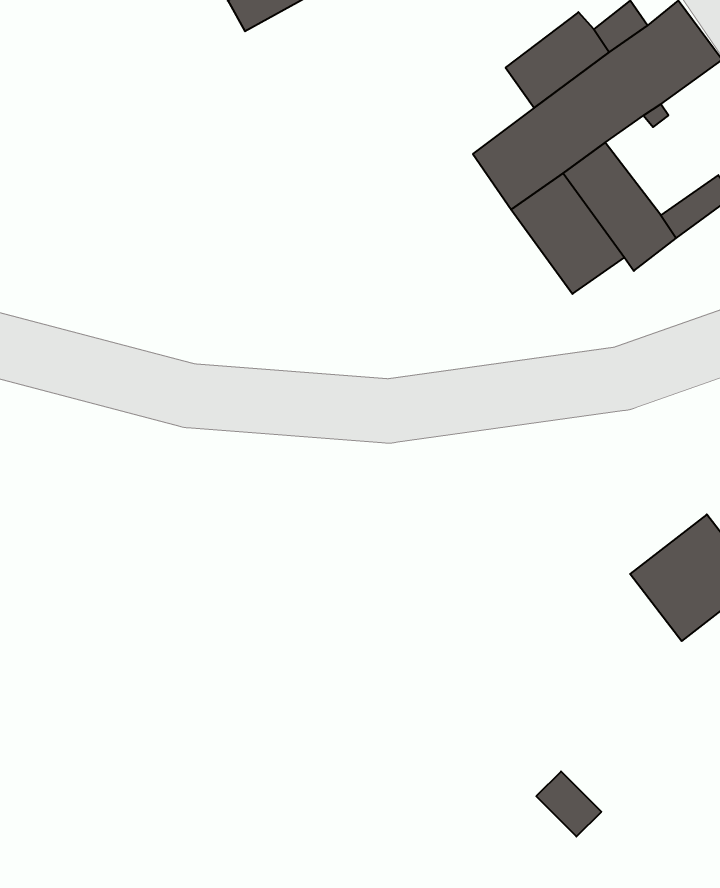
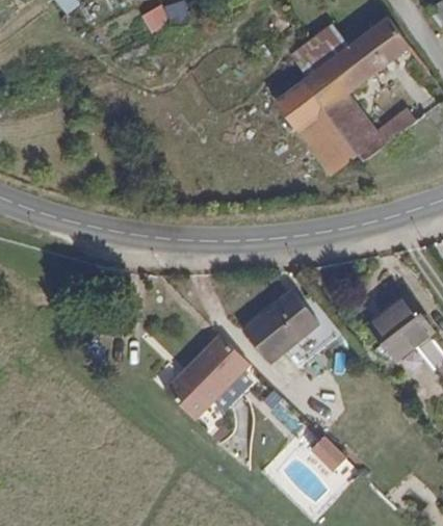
building: none -> [240,285,320,363]
building: none -> [167,335,252,417]

